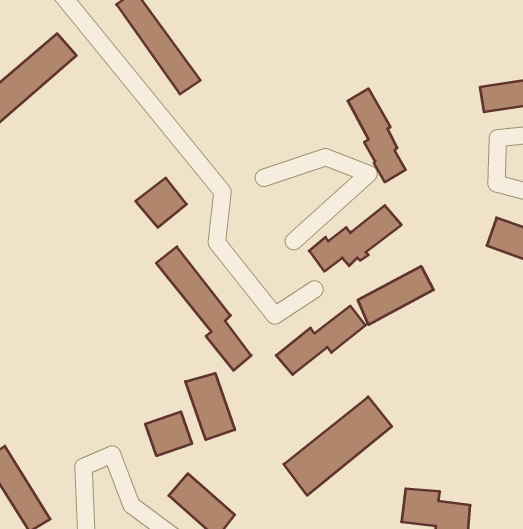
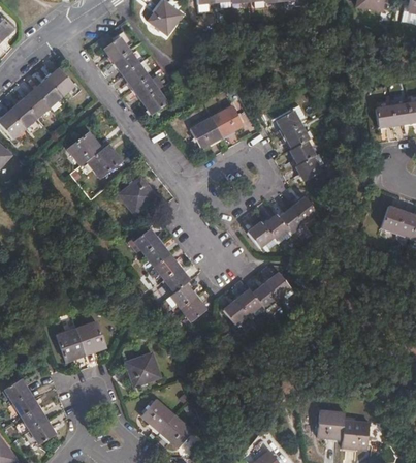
building: none -> [190,106,243,148]
building: none -> [67,132,119,177]
building: [358,266,434,325] -> none
building: none -> [57,321,105,360]
building: [185,373,235,440] -> none
building: [284,397,392,495] -> none

